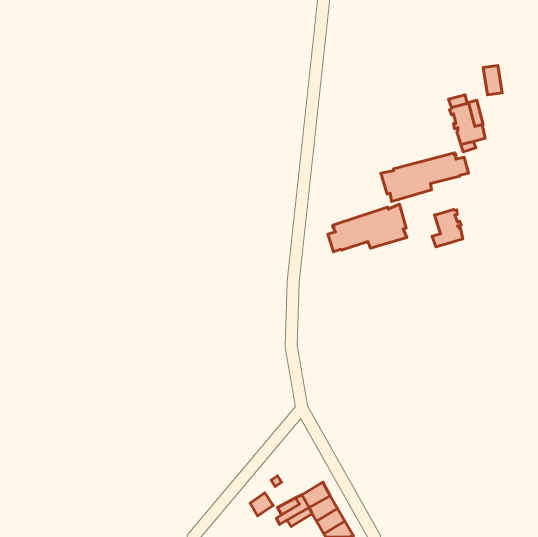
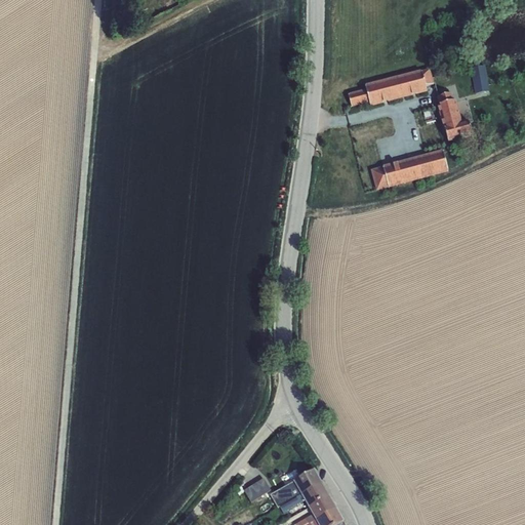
building: none -> [348,68,433,106]
building: [328,204,407,252] -> none
building: [432,210,463,247] -> none

